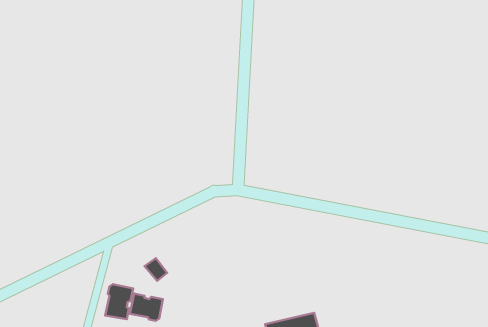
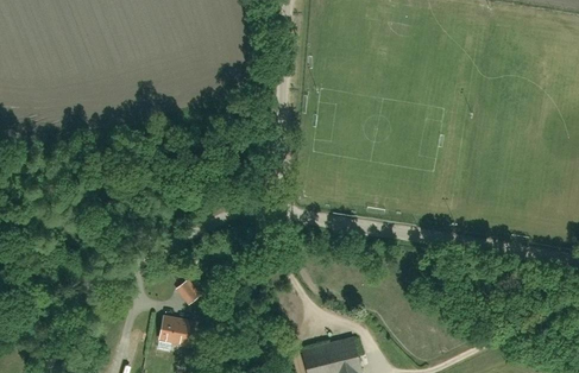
building: [105,284,133,319] -> none

